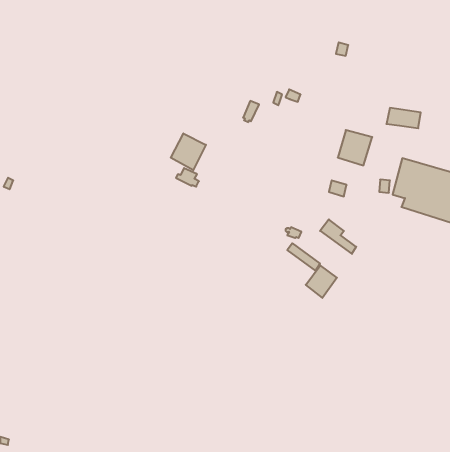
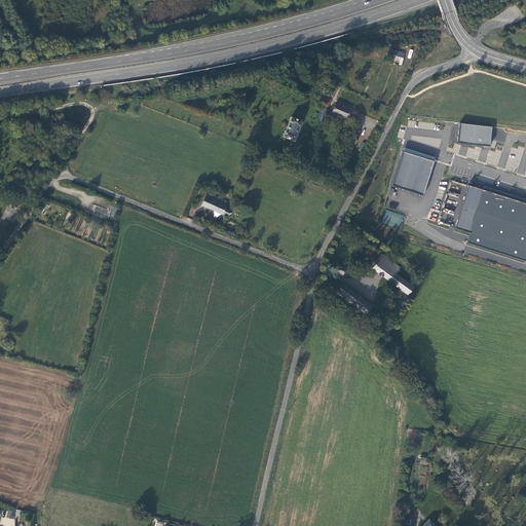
building: [171,133,206,170] -> none
building: [306,266,337,298] -> none

